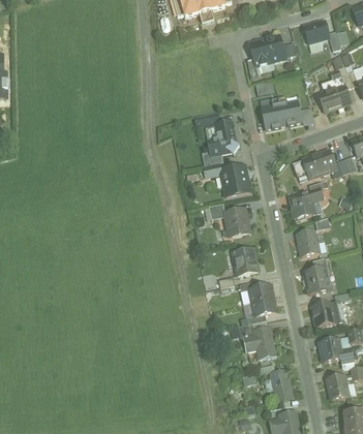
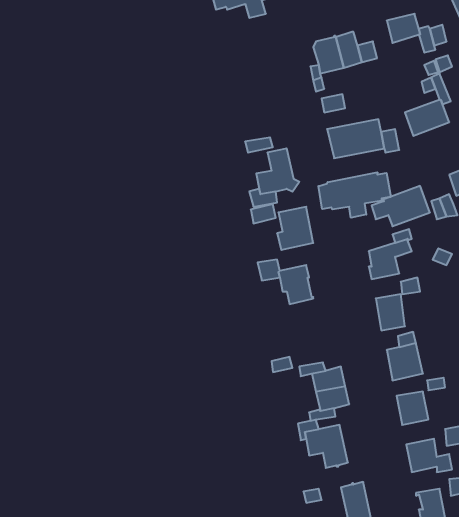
building: none -> [318,172,391,218]
building: [233,247,258,276] -> none

